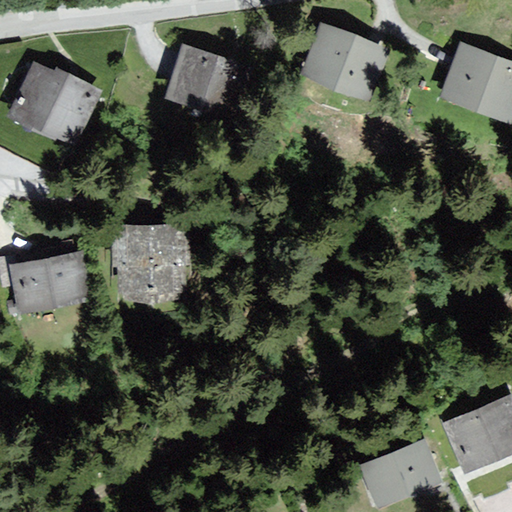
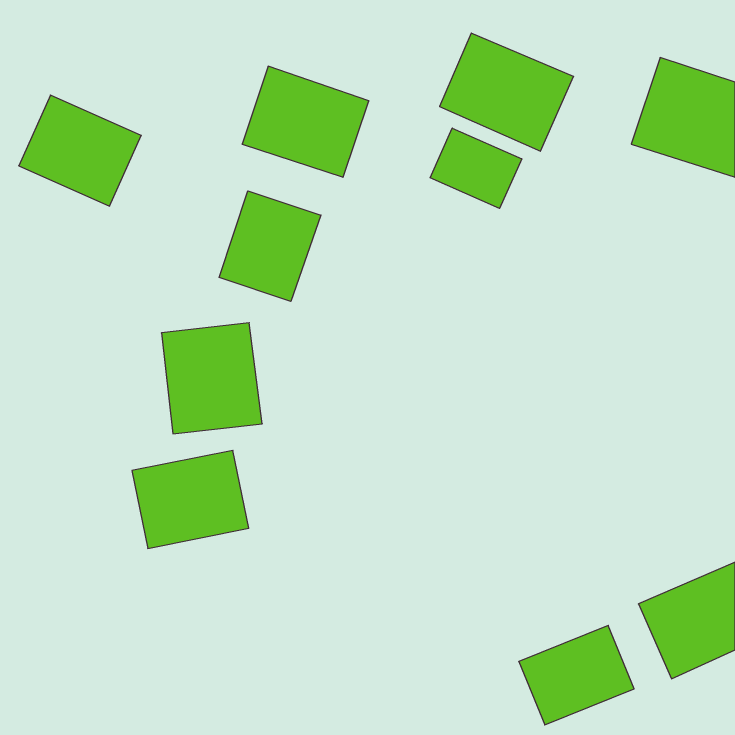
building: none -> [430,128,522,208]
building: none -> [219,191,321,301]
building: [10,250,91,318] -> [132,450,249,548]

